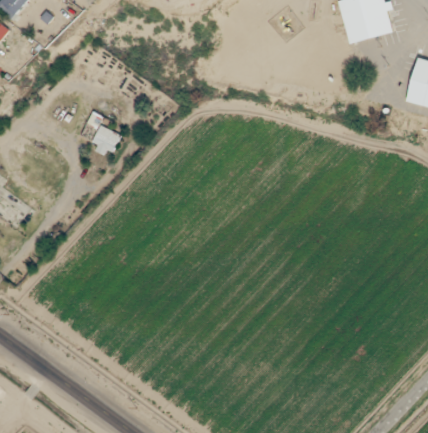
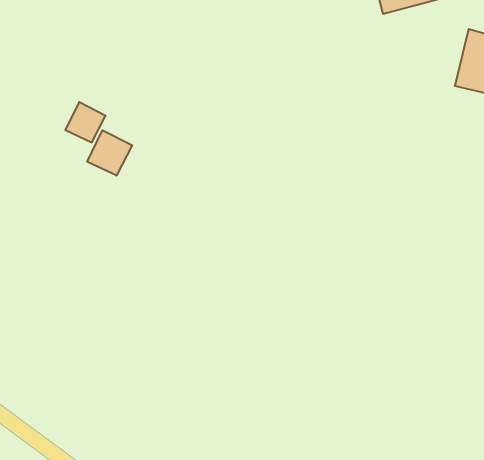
building: none -> [87,130,132,176]

